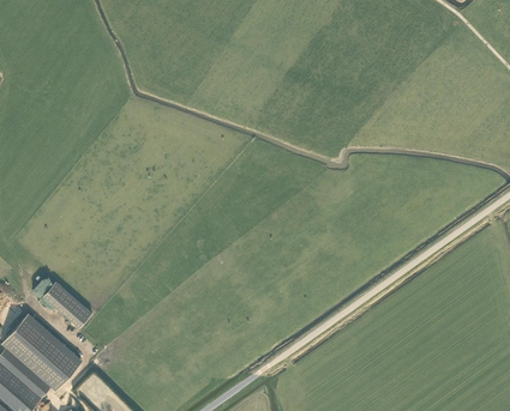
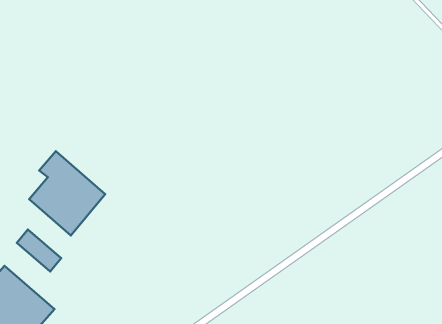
building: none -> [29,151,105,235]

